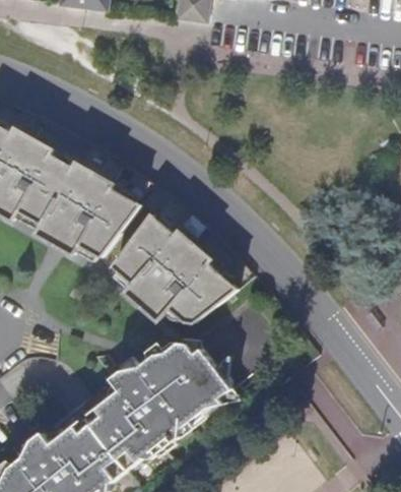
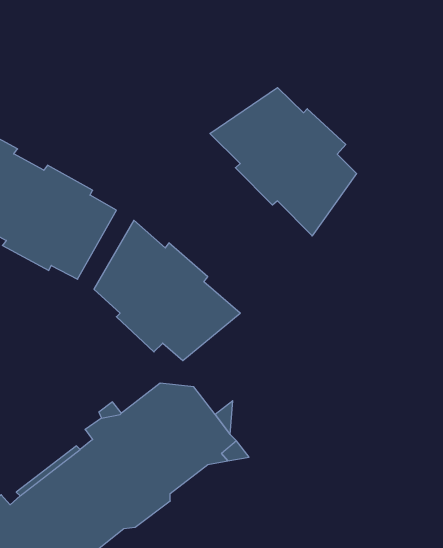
building: none -> [210,88,357,236]

